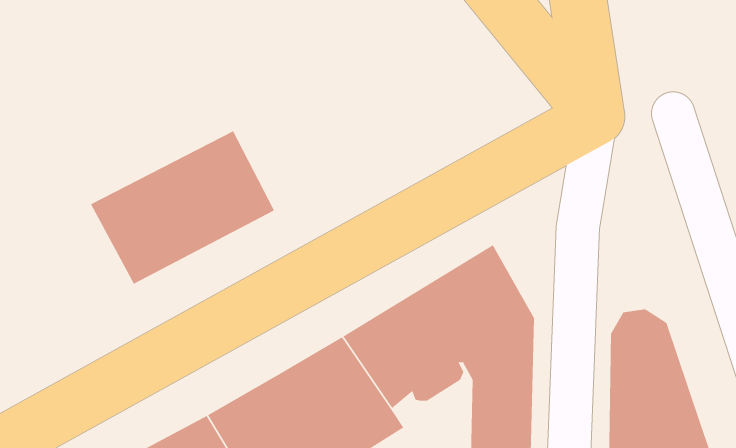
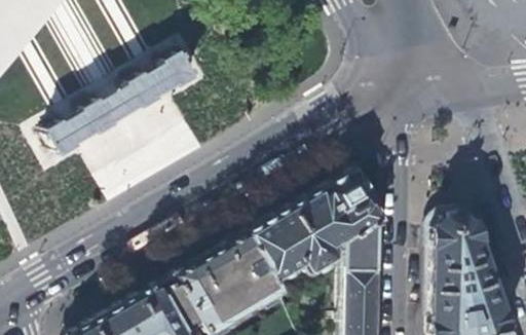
building: none -> [37,42,191,148]

